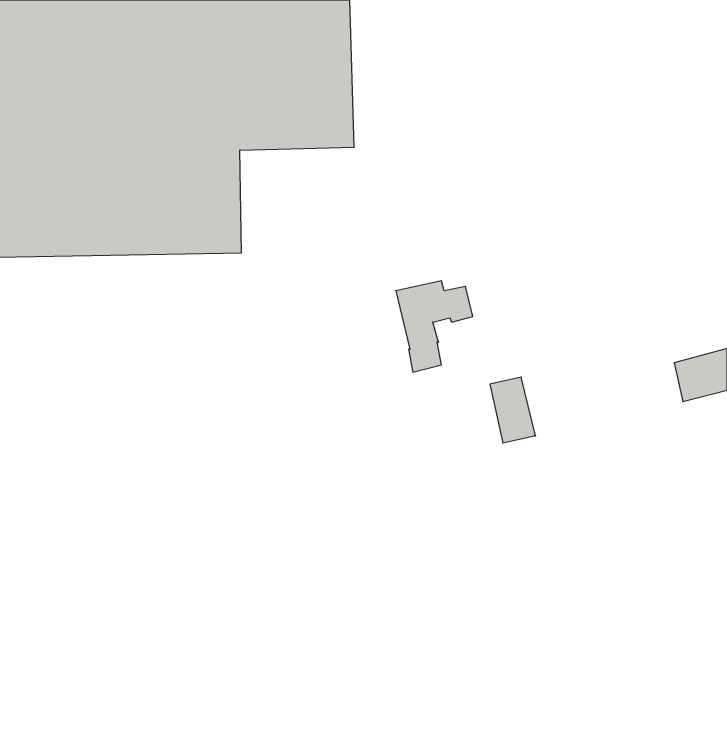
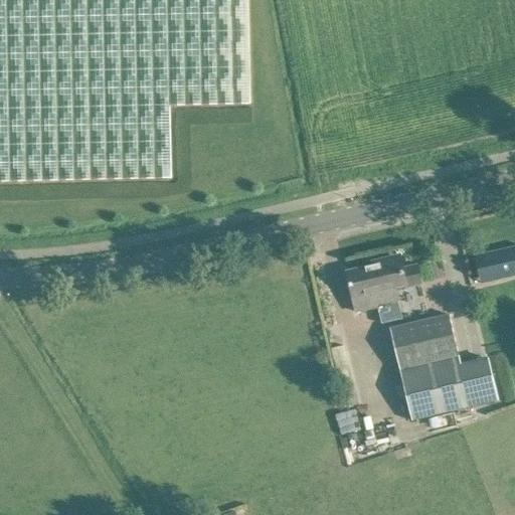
building: [396,281,473,372] -> [367,259,421,323]
building: none -> [388,314,496,418]

